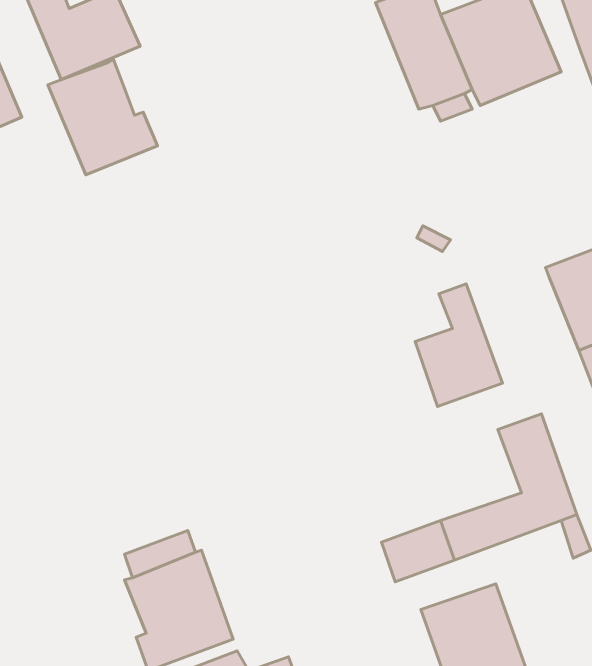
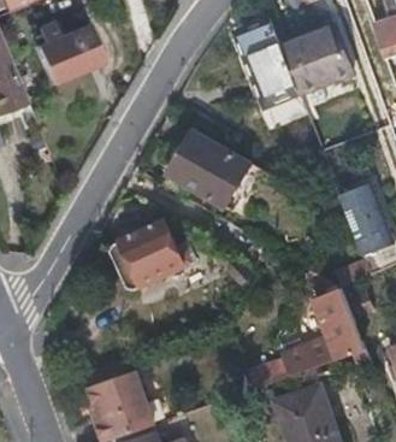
building: [48,60,158,175] -> none
building: none -> [170,131,237,200]
building: [415,284,502,406] -> none
building: none -> [106,224,187,296]

